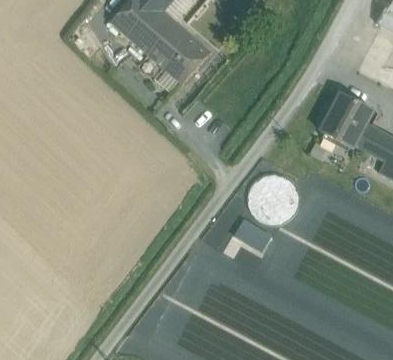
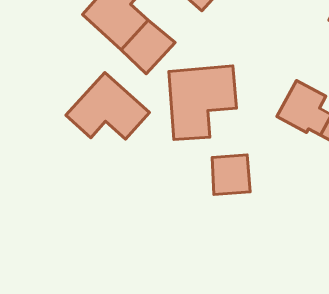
building: none -> [169,66,237,140]
building: none -> [66,72,149,139]

